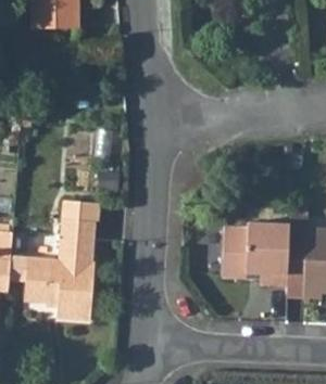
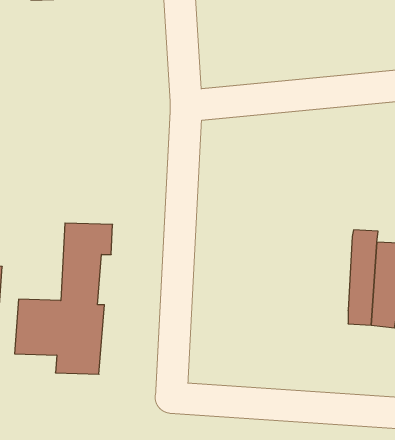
building: [221,217,290,279] -> none

